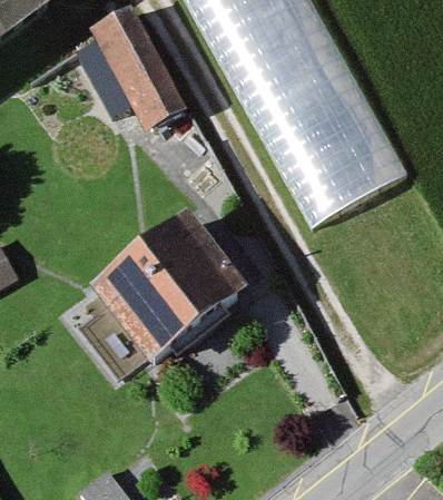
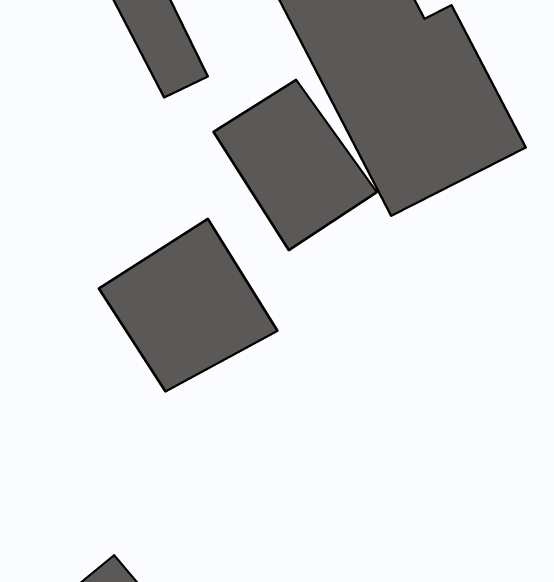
building: none -> [213,80,377,250]

